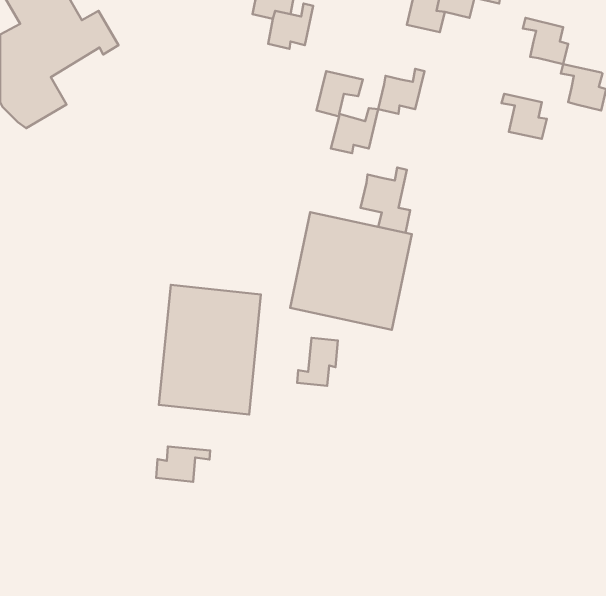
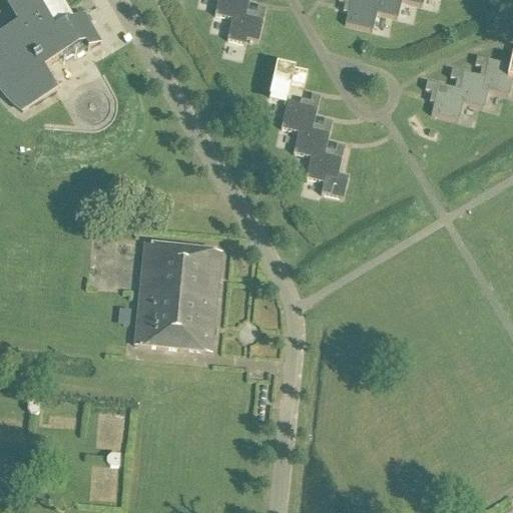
building: [523,18,568,64] -> [449,66,487,105]
building: [378,69,425,114] -> [293,116,332,154]
building: [290,212,412,330] -> none
building: [297,338,338,386] -> none
building: [156,446,210,482] -> none

